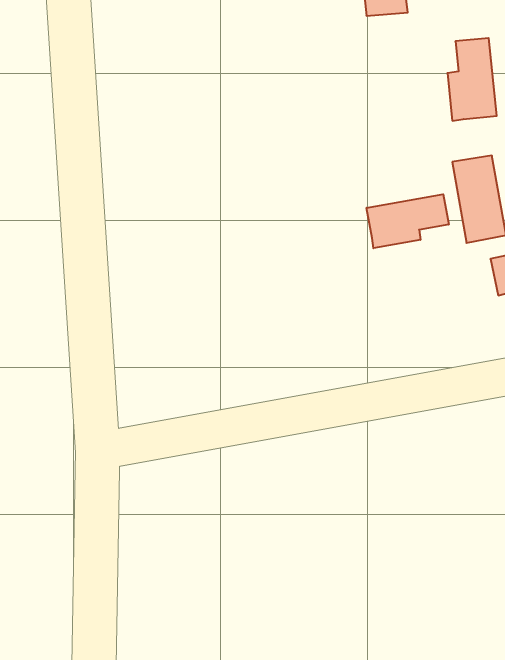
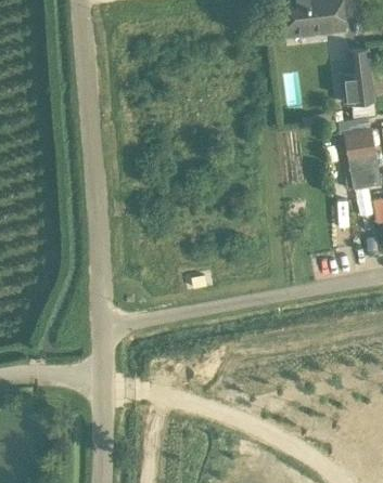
building: [367,194,449,248] -> none

